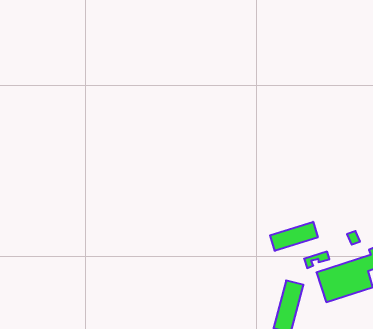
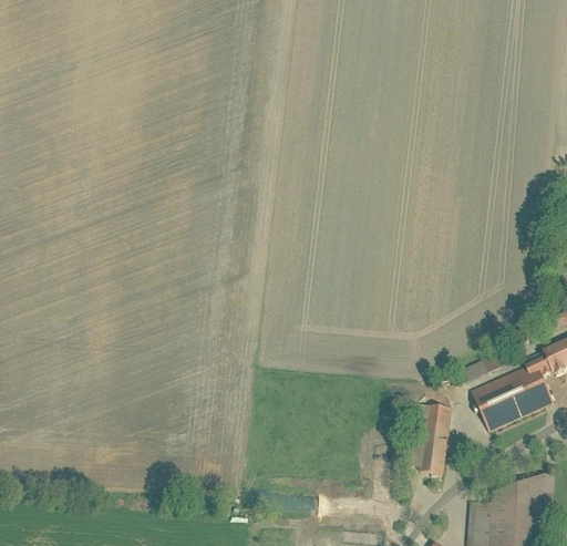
building: [270,222,318,251] -> none

